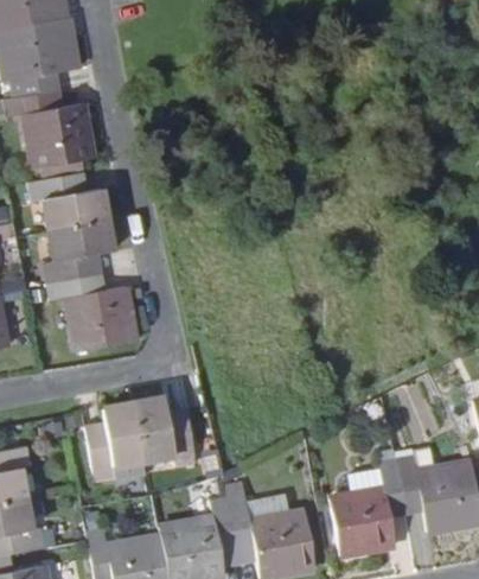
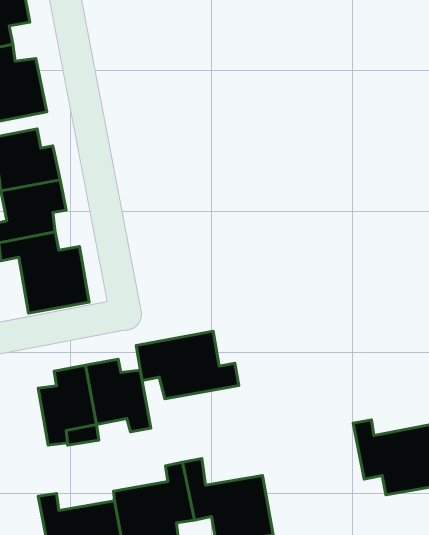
building: none -> [136,331,239,399]
building: [331,460,405,556] -> none

